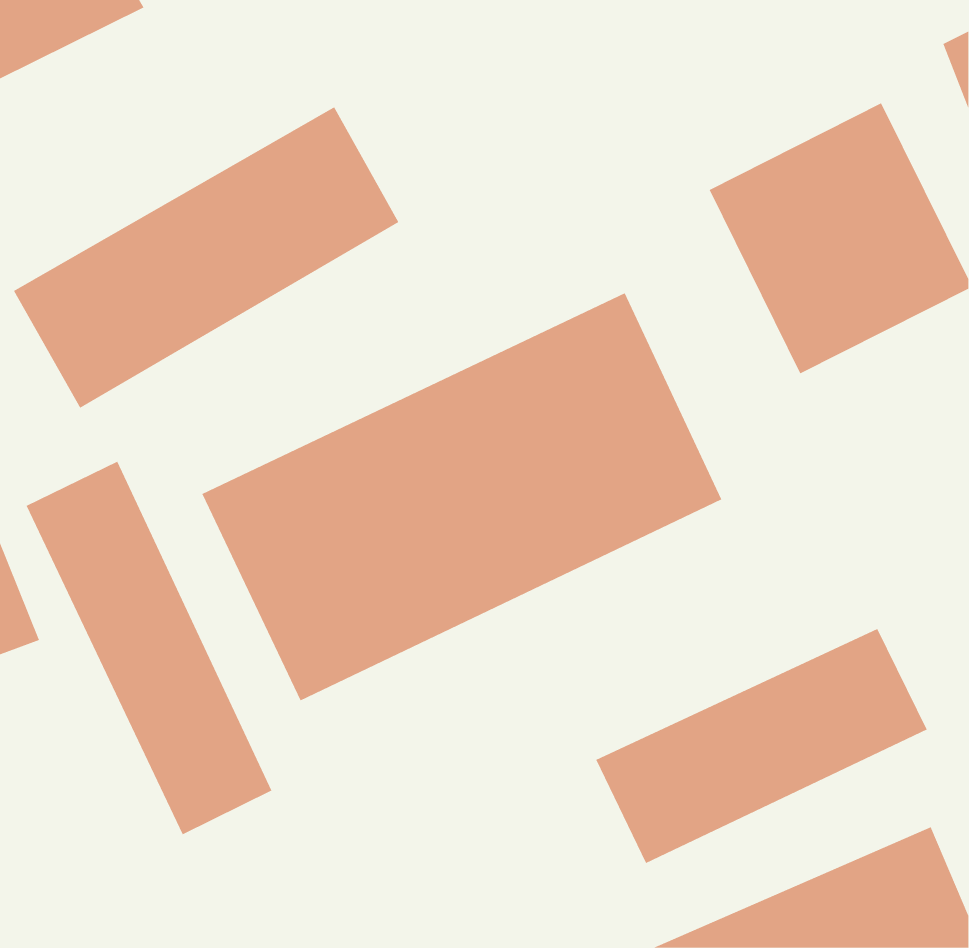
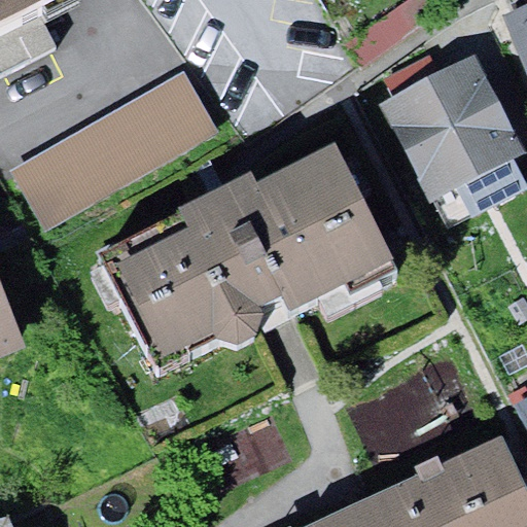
building: [26,461,272,835] -> none
building: [595,628,927,864] -> none

